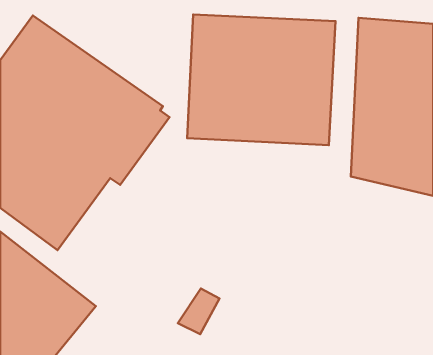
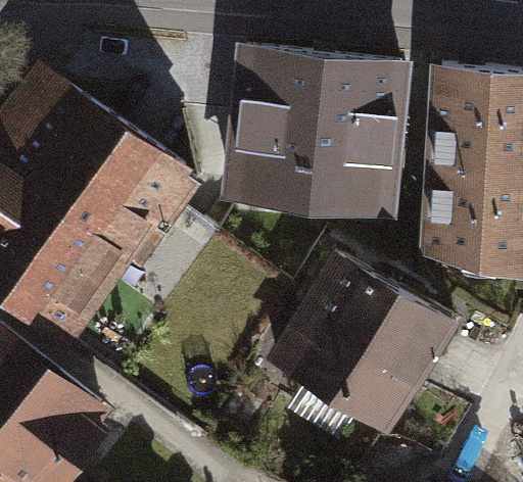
building: none -> [269,251,451,430]

